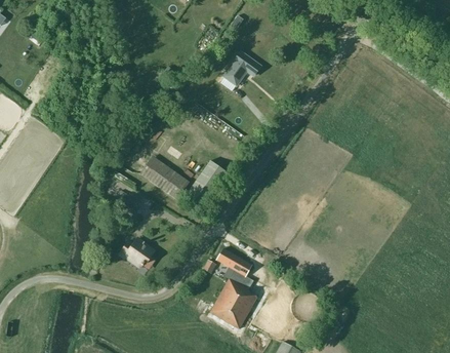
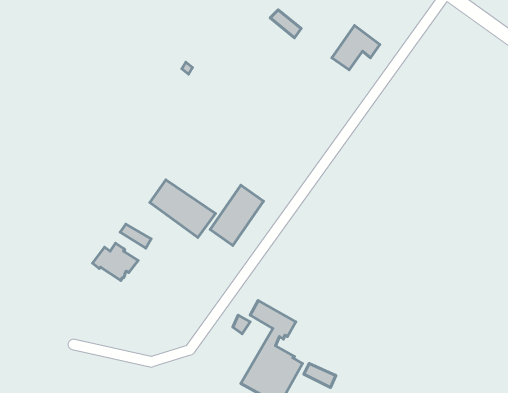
building: [222,51,259,85] -> [332,26,380,70]
building: [119,238,154,267] -> [93,243,138,281]

